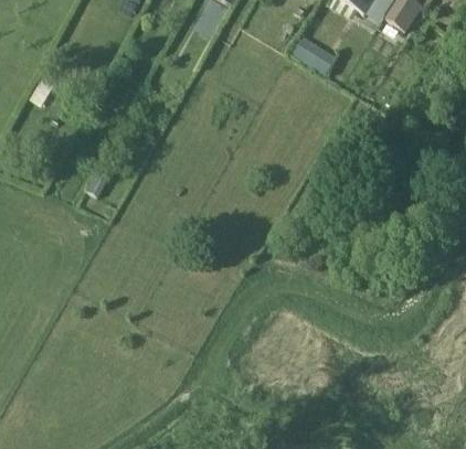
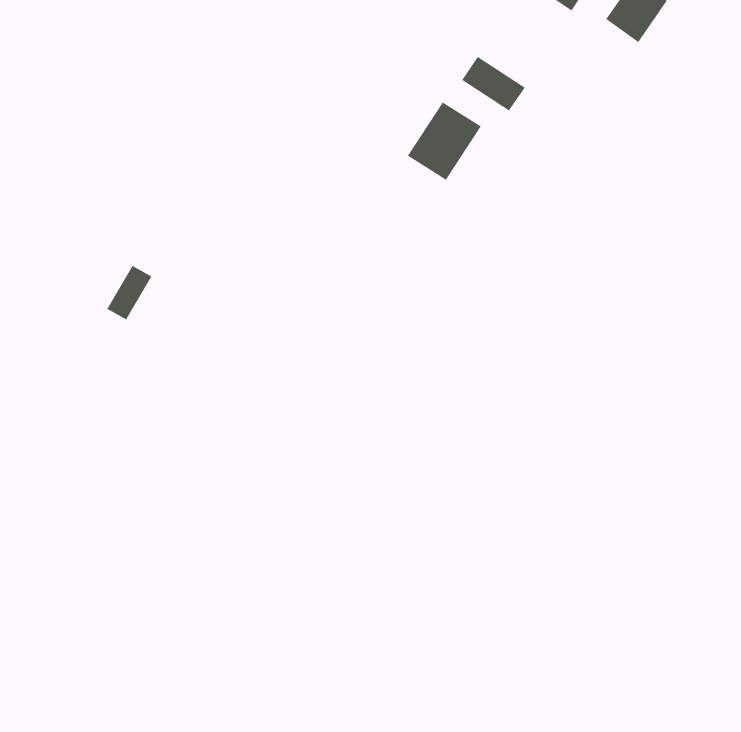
building: none -> [407,101,482,181]

